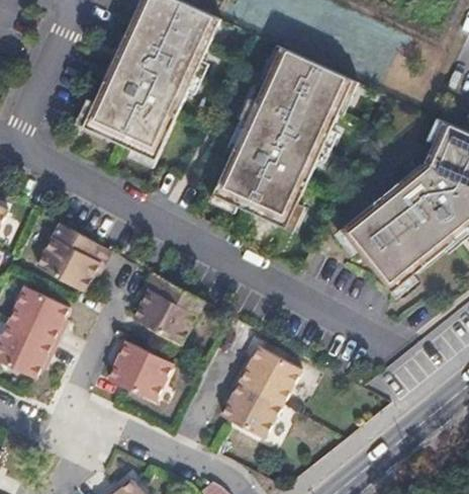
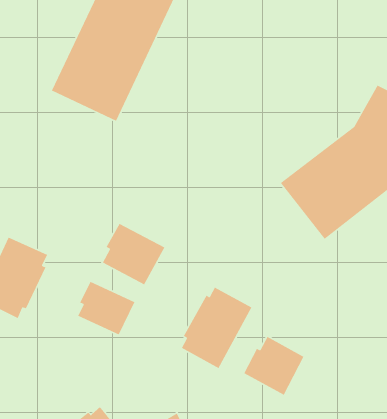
building: [213,48,352,228] -> none
building: [38,224,113,292] -> none
building: none -> [243,336,305,396]

